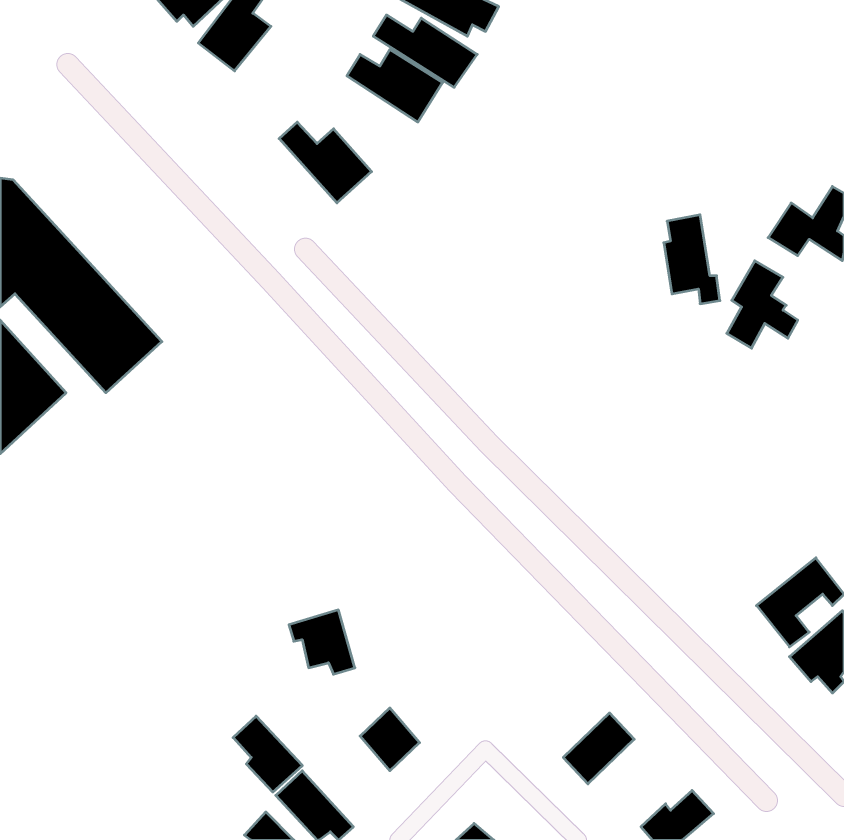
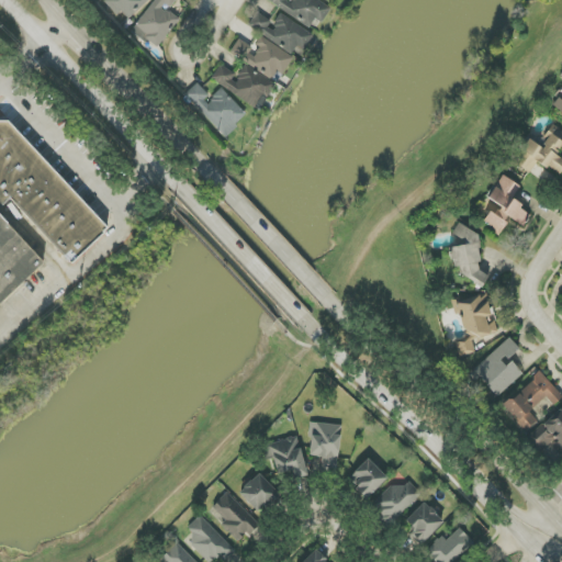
building: none -> [211,63,274,108]
building: [664,215,720,304] -> [451,225,488,284]
building: none -> [456,292,498,355]
building: none -> [470,336,521,395]
building: [289,610,355,674] -> [263,435,307,477]
building: none -> [310,422,340,471]
building: none -> [348,457,387,496]
building: [233,716,302,792] -> [213,491,259,541]
building: none -> [403,499,445,542]

